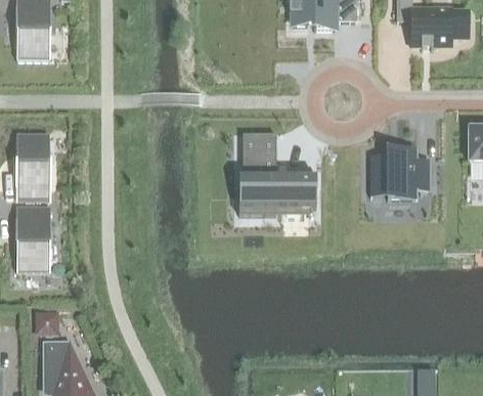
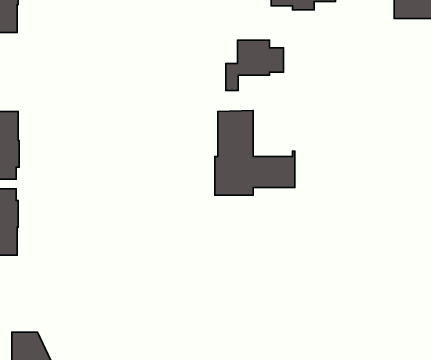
building: none -> [226,40,283,91]
building: [370,149,428,197] -> none
building: [38,308,61,332] -> none

